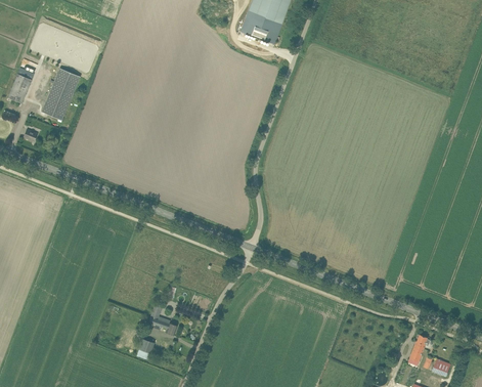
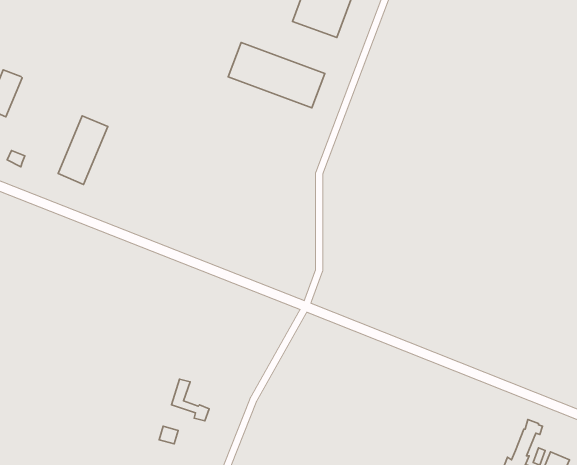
building: none -> [228,43,325,108]
building: [42,68,80,120] -> [58,116,108,184]

